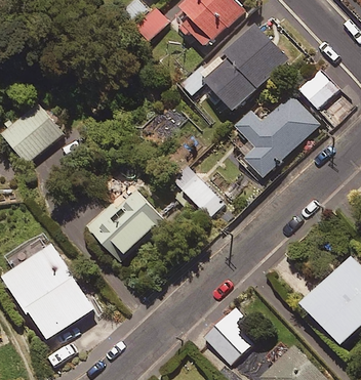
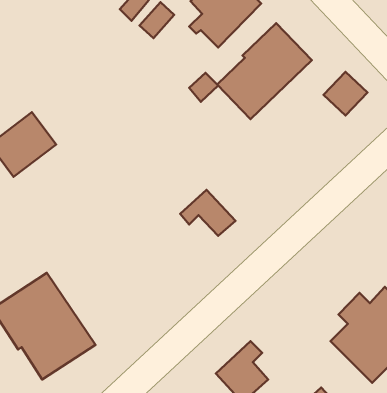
building: [236,93,315,175] -> none
building: [81,187,162,260] -> none

